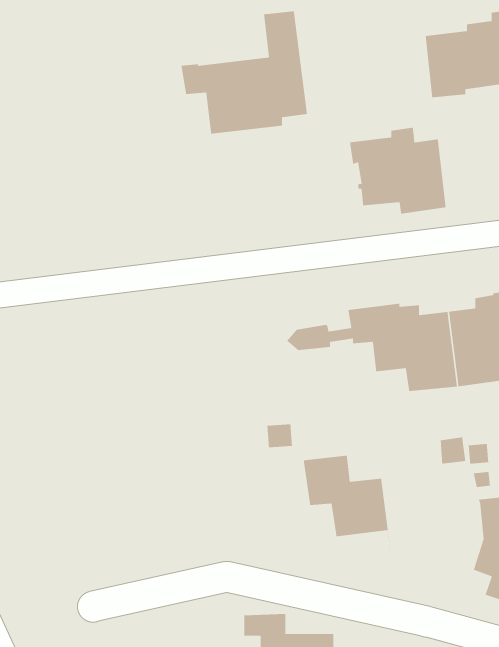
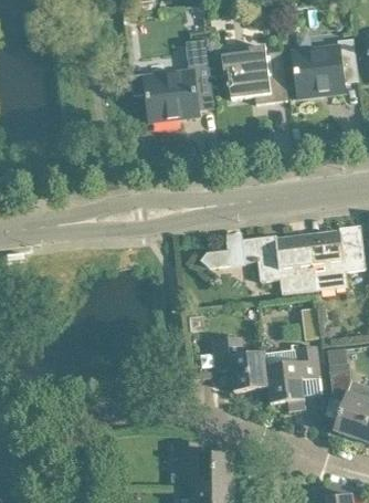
building: [349,127,447,214] -> [221,45,286,104]
building: none -> [264,346,321,410]

